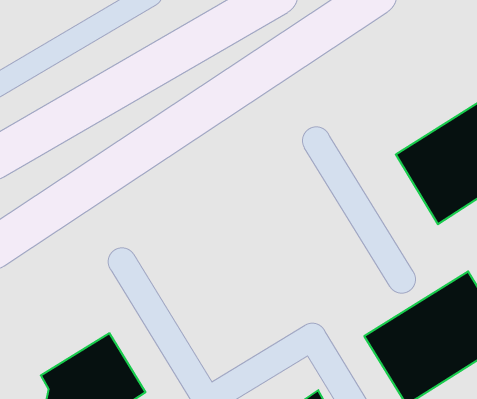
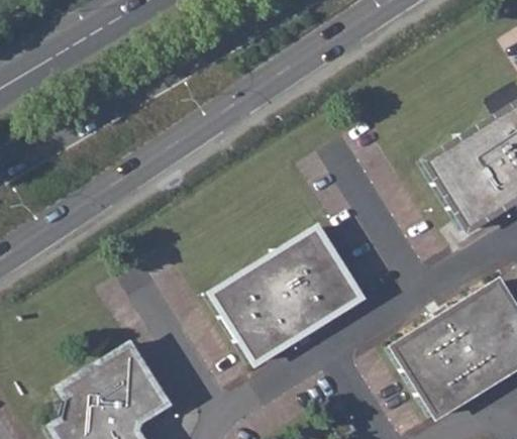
building: none -> [213,227,365,364]

